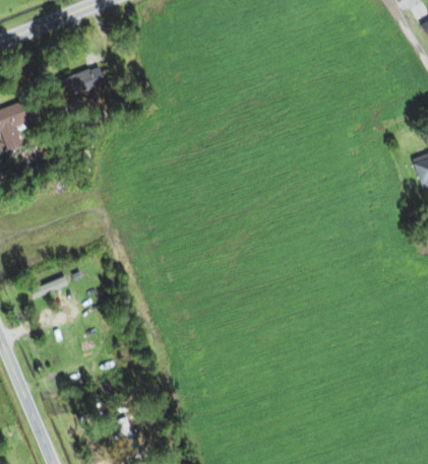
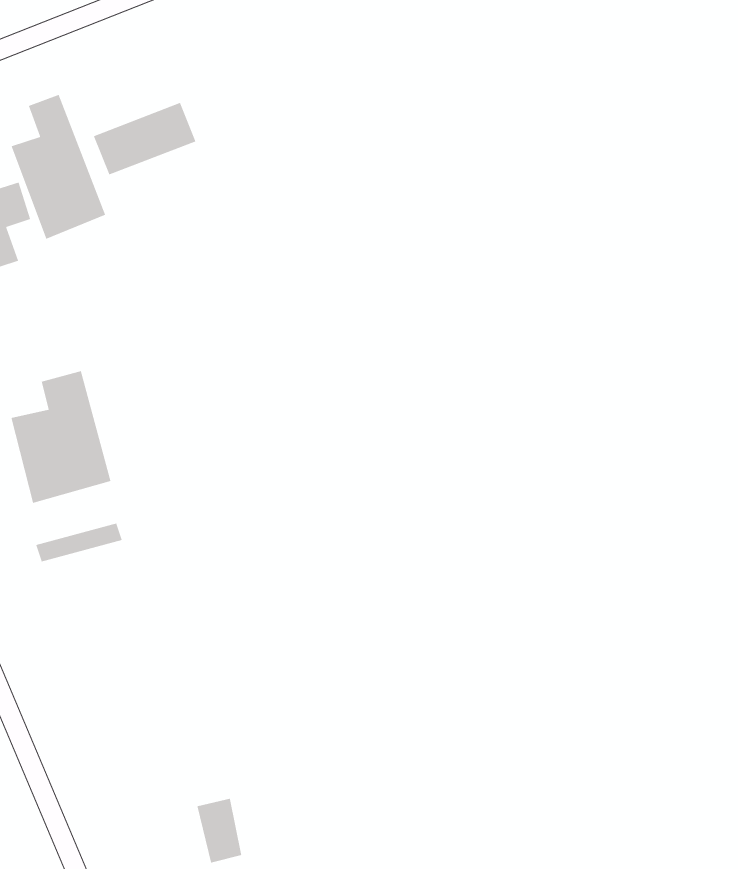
building: none -> [10,94,106,240]
building: none -> [10,370,111,504]

